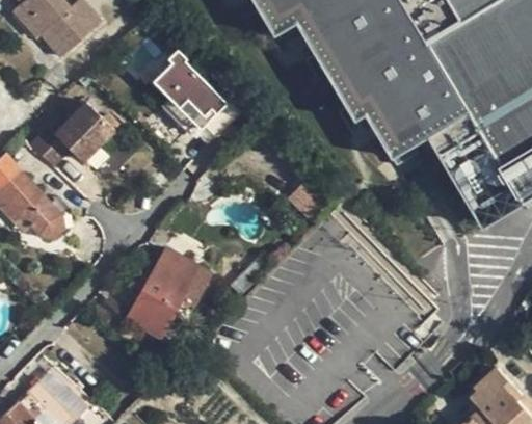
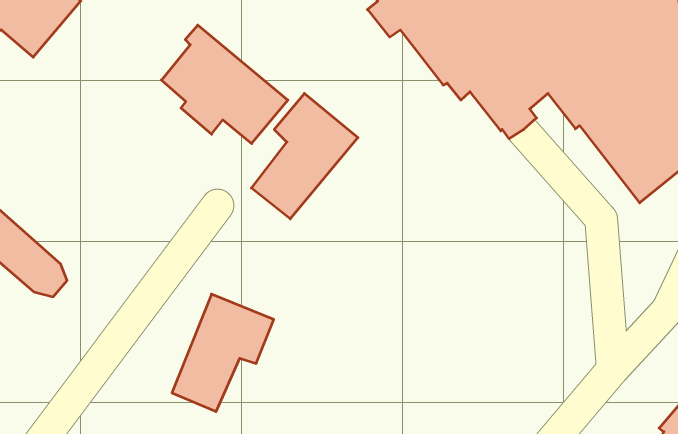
building: [32,101,116,165] -> none
building: none -> [251,93,358,219]

